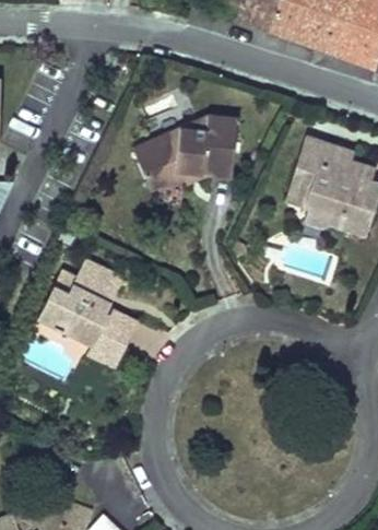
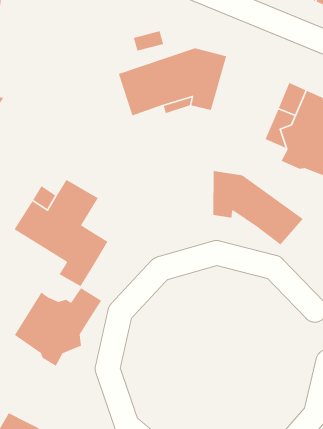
building: none -> [213,170,304,245]
building: none -> [14,287,102,367]

